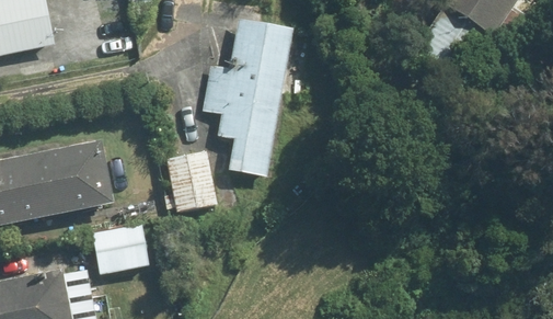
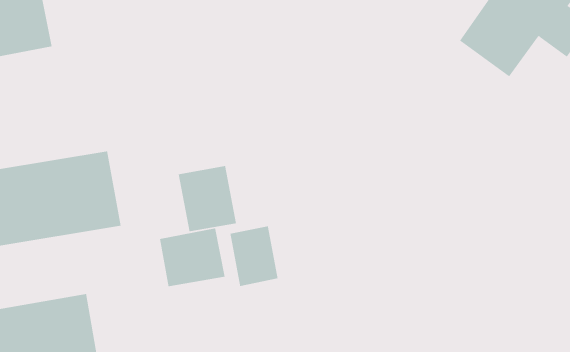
building: [201,18,290,178] -> none
building: none -> [230,225,278,287]
building: [88,224,147,276] -> [159,228,226,287]

